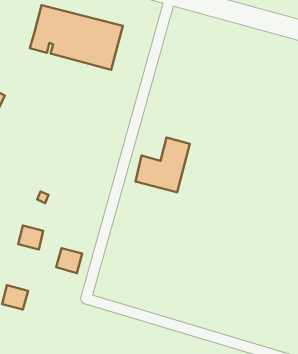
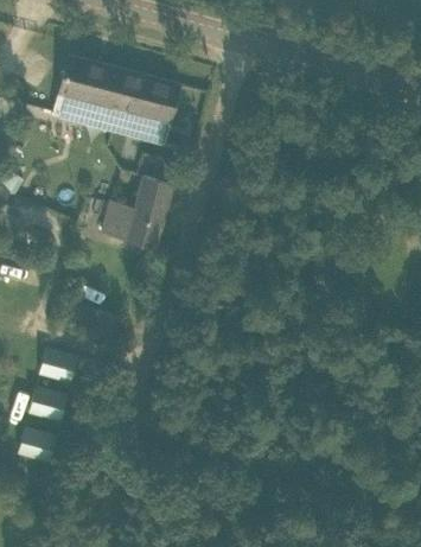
building: [135,138,190,192] -> [101,174,173,247]
building: [56,248,82,273] -> [28,387,63,420]

